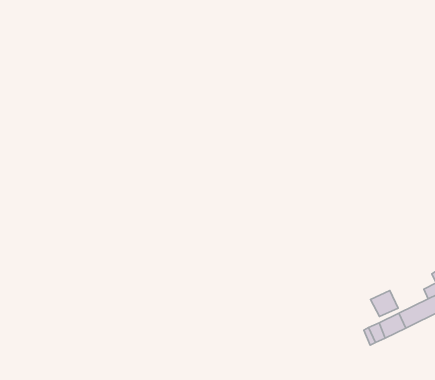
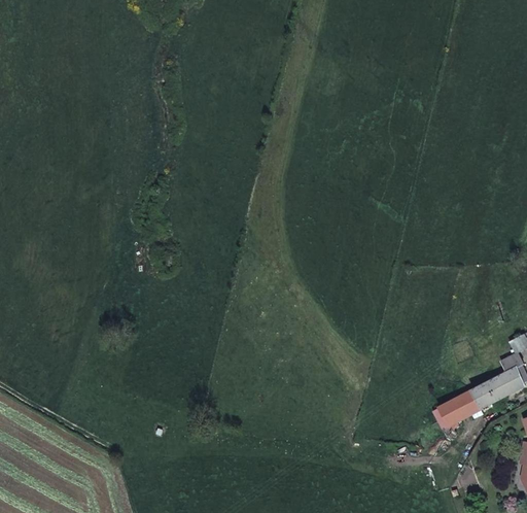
building: [370,290,398,317] -> none

